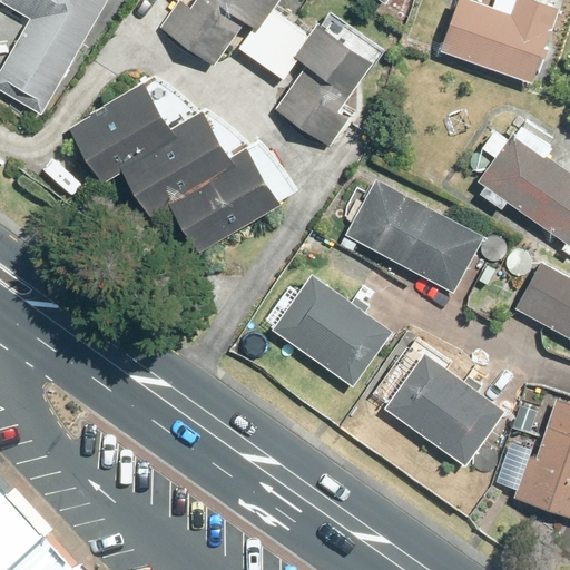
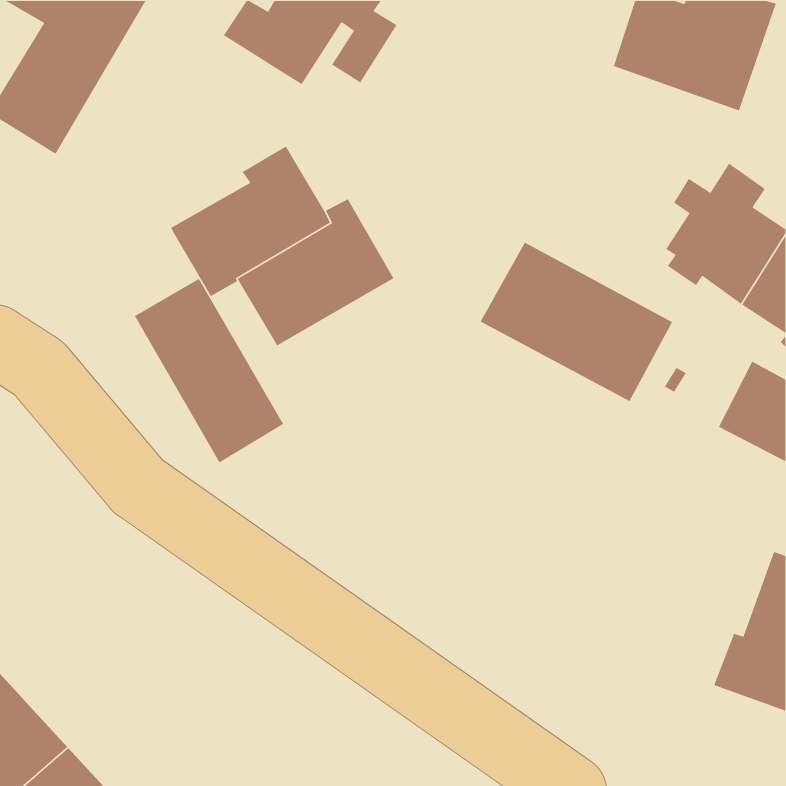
building: [259,21,374,145] -> none
building: [69,82,179,185] -> none
building: none -> [134,278,284,463]
building: [265,274,392,387] -> none
building: [374,346,507,468] -> none

